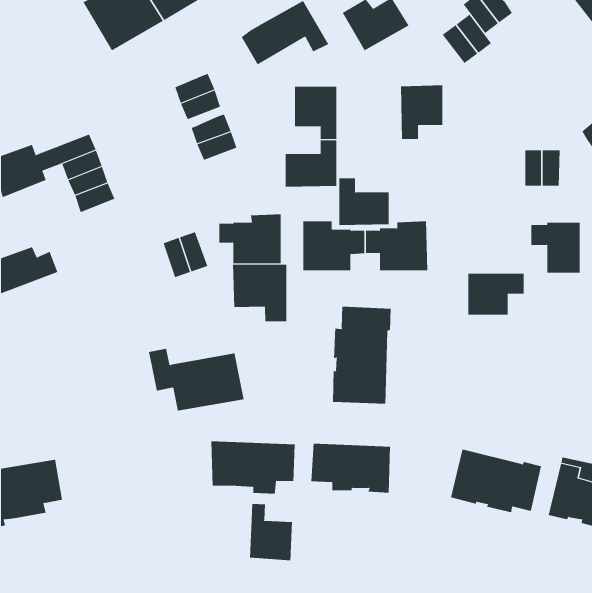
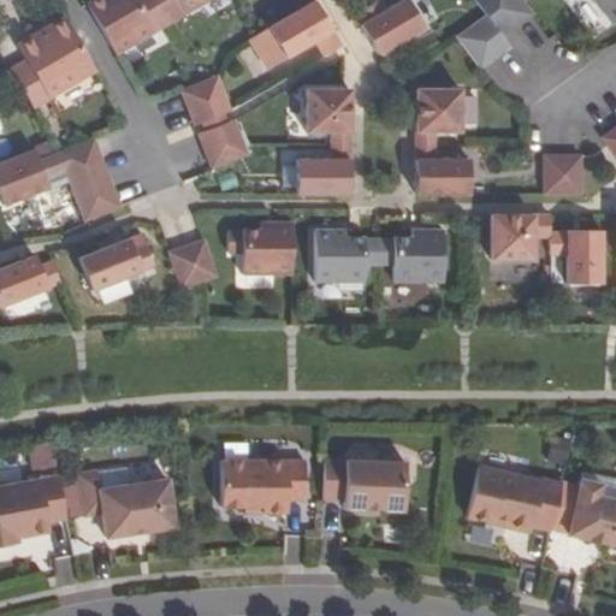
building: none -> [12,16,97,106]
building: [338,178,390,226] -> [417,144,470,194]
building: none -> [79,238,155,289]
building: [233,264,287,322] -> none
building: [468,273,525,315] -> [492,214,551,257]
building: [333,306,391,404] -> none
building: [148,348,245,411] -> [77,469,177,534]
building: [249,503,292,561] -> none

